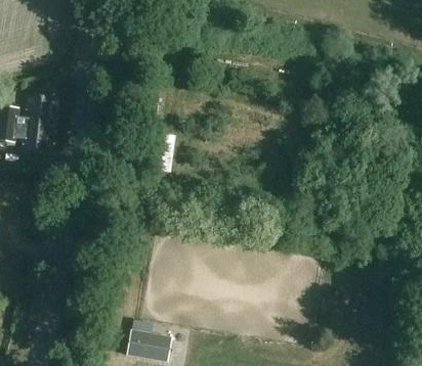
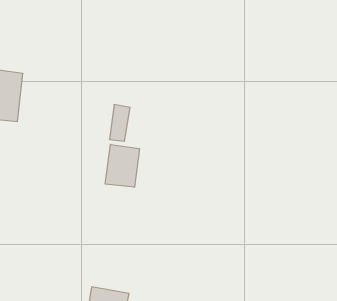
building: none -> [105,144,139,187]

